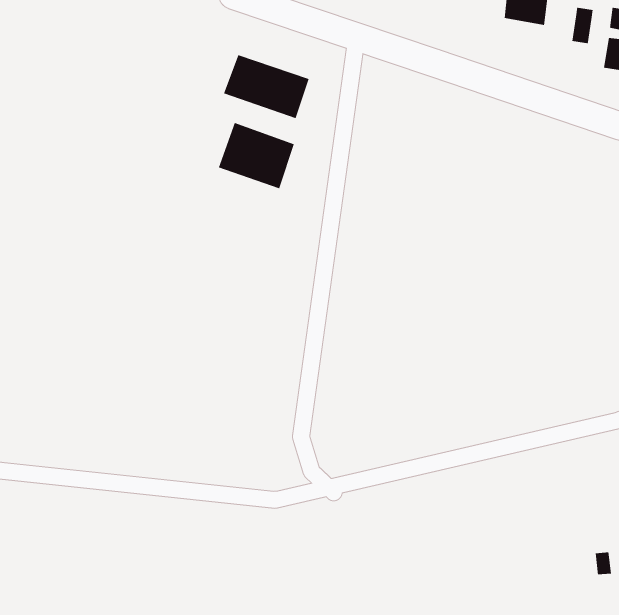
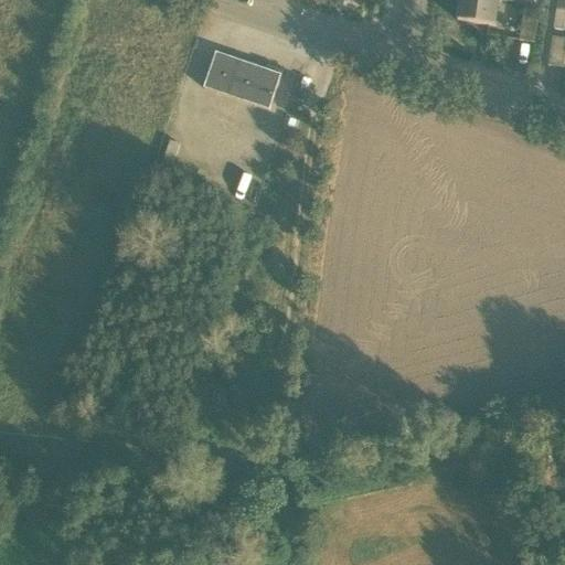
building: [218,122,294,189] -> none

